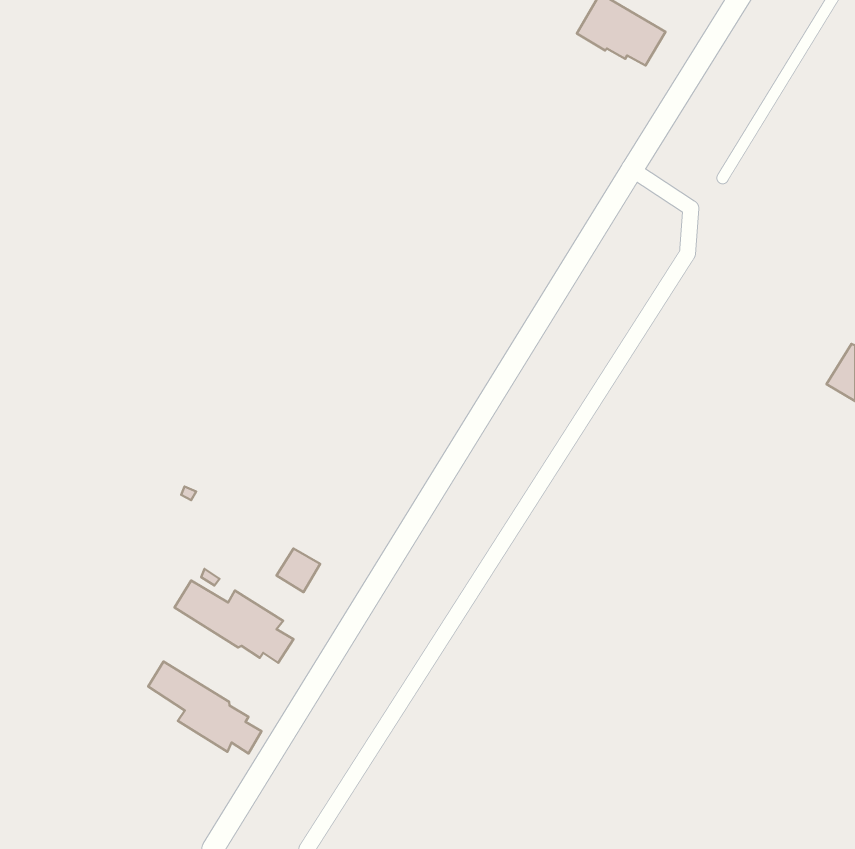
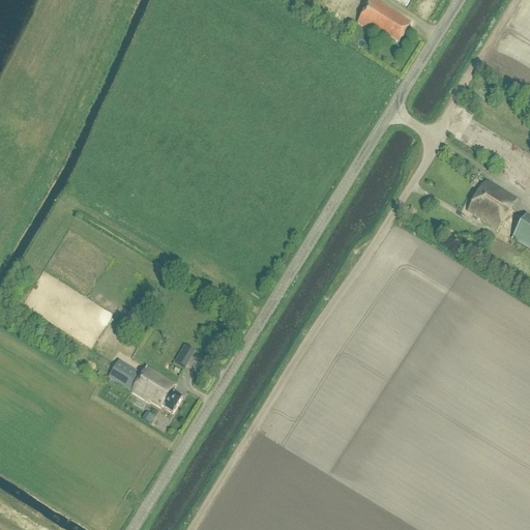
building: none -> [466,177,516,226]
building: [148,662,262,753] -> none

